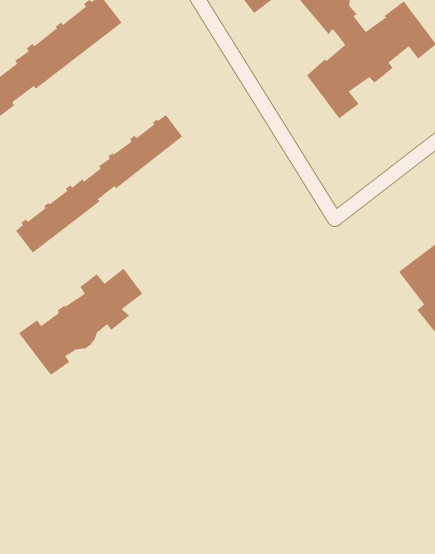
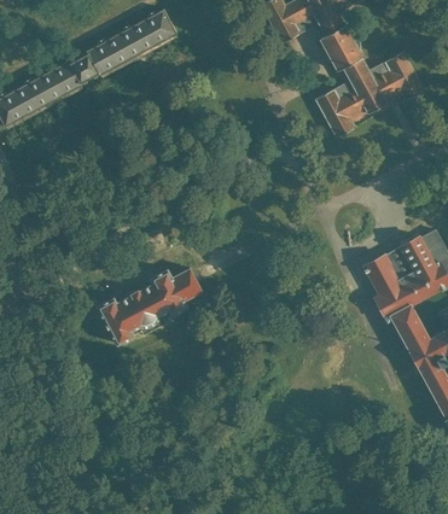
building: [16,114,183,253] -> none
building: [18,268,143,375] -> [98,269,202,345]

